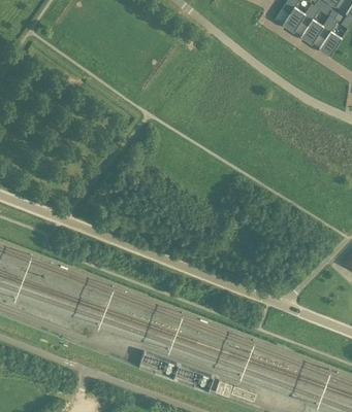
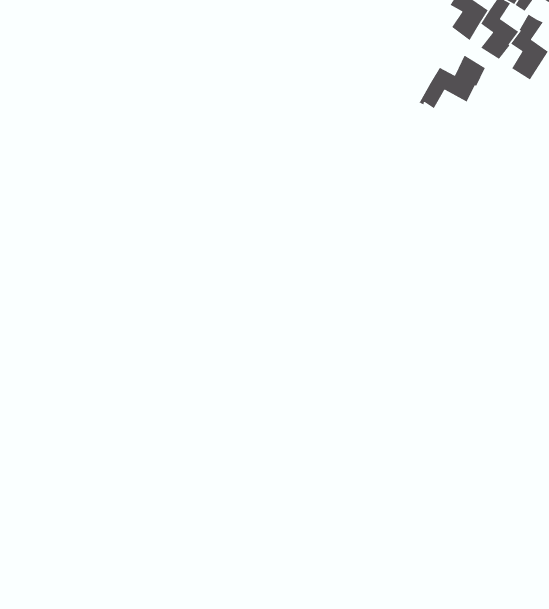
building: none -> [418,55,486,109]

